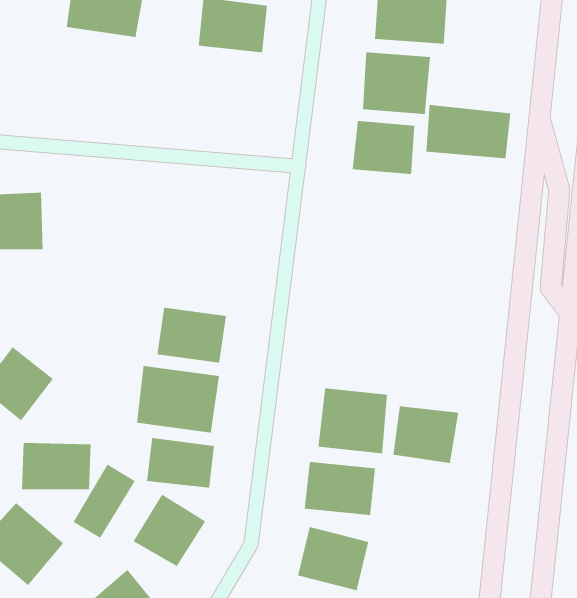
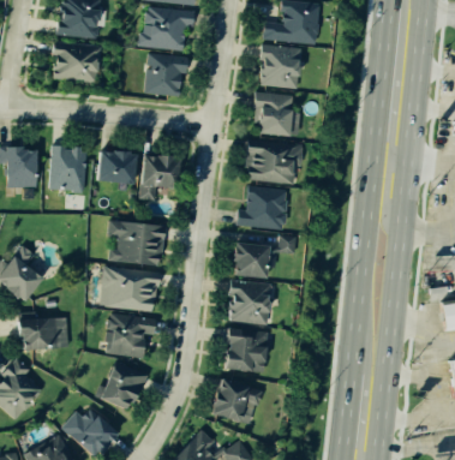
building: none -> [44,38,100,80]
building: none -> [146,54,186,96]
building: [425,104,511,159] -> [241,139,301,178]
building: none -> [53,144,89,190]
building: none -> [98,144,134,181]
building: none -> [142,156,176,198]
building: none -> [249,186,289,219]
building: [392,405,459,464] -> [226,231,273,271]
building: [73,463,136,539] -> none

